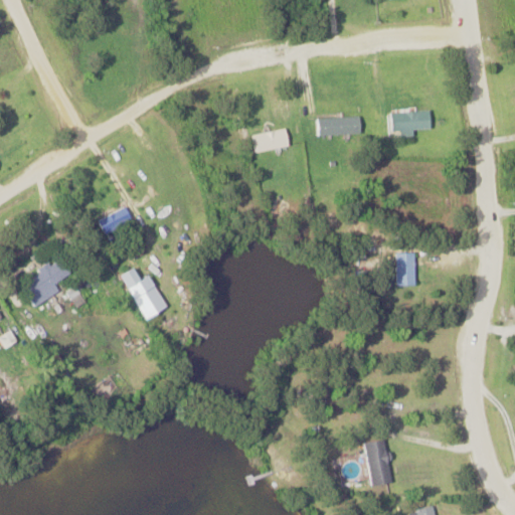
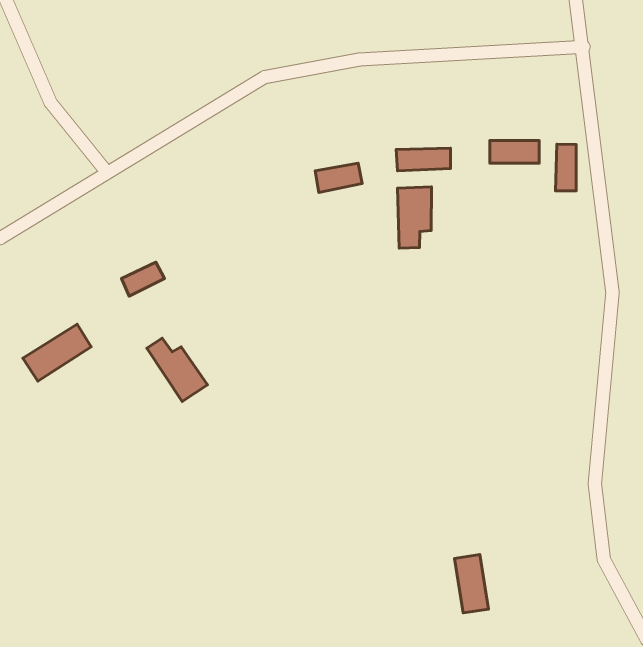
building: none -> [556,144,576,191]
building: none -> [398,187,431,248]
building: [397,253,416,287] -> none

